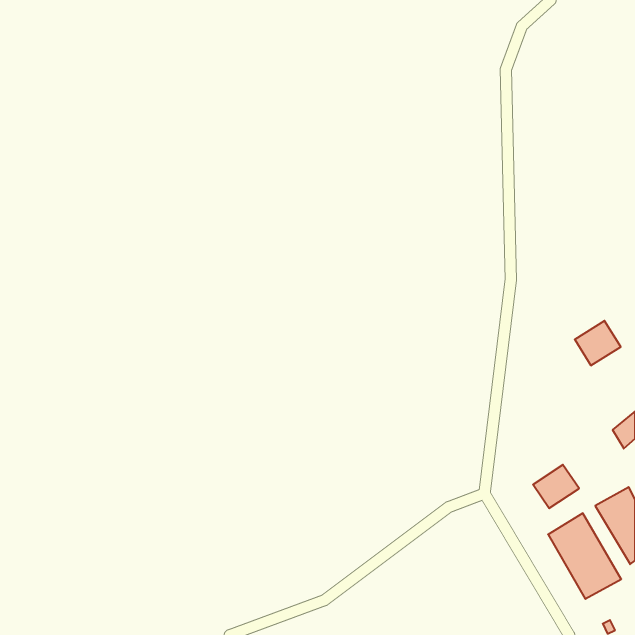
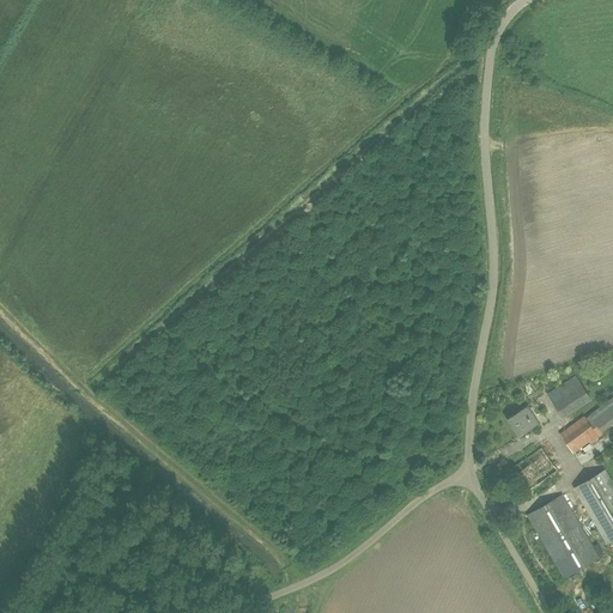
building: [575,321,621,365] -> [547,375,591,418]
building: none -> [506,406,539,436]
building: none -> [559,415,597,454]

